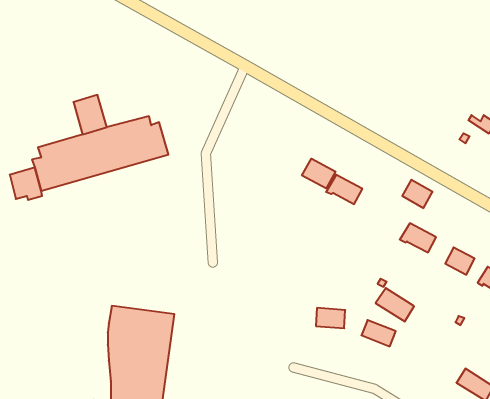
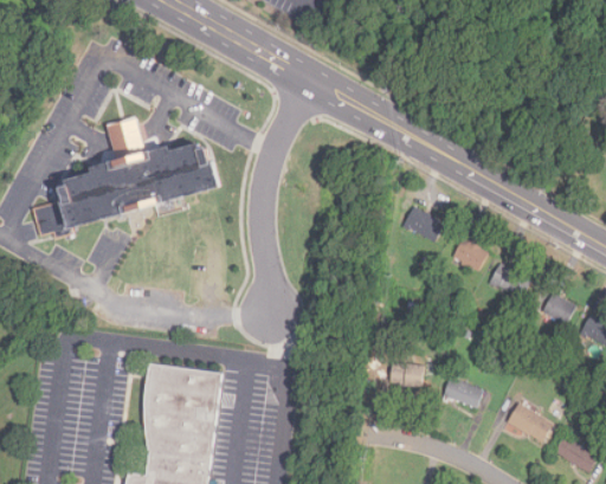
building: [302,159,335,188] -> none
building: [402,180,433,208] -> [452,239,488,272]
building: [376,288,414,321] -> [507,405,552,444]

